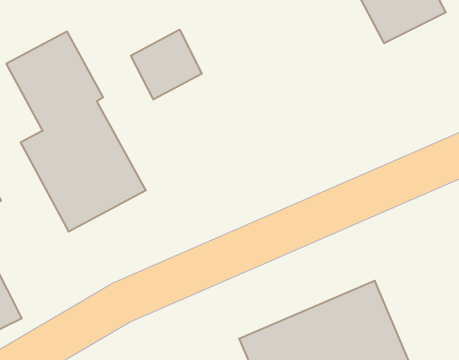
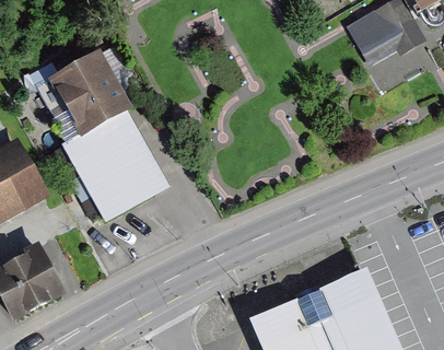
building: [131,30,202,100] -> none

